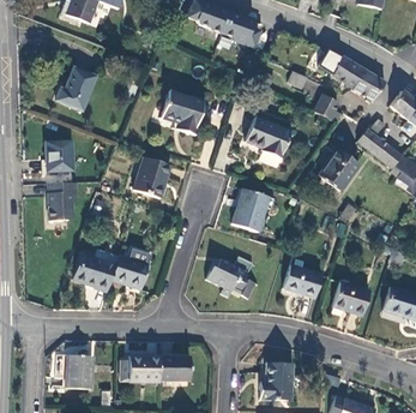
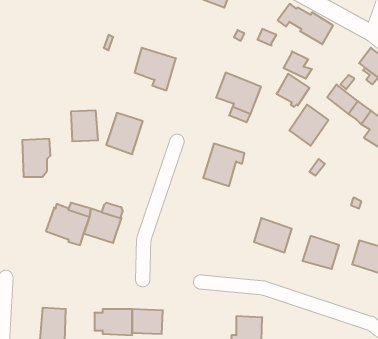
building: [55,66,95,110] -> none
building: [351,67,385,101] -> [276,74,310,107]
building: [46,139,73,170] -> [71,110,98,141]
building: [206,255,255,297] -> none

